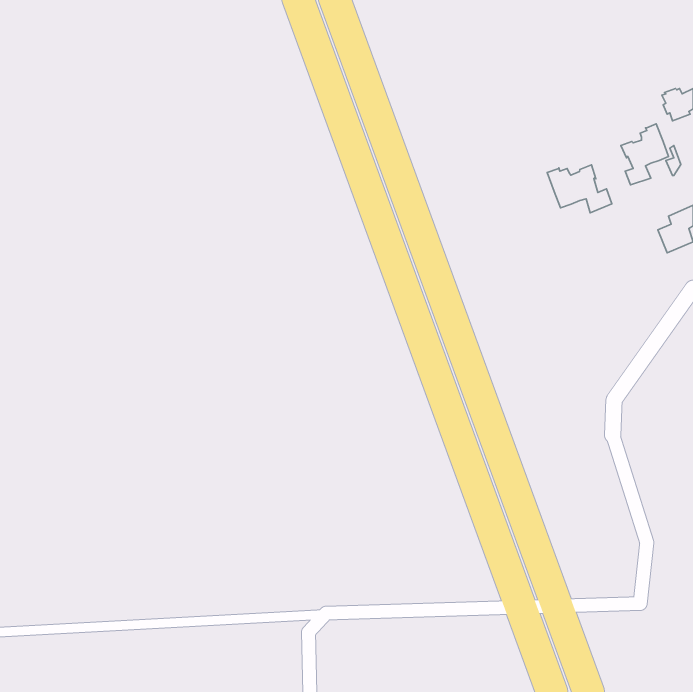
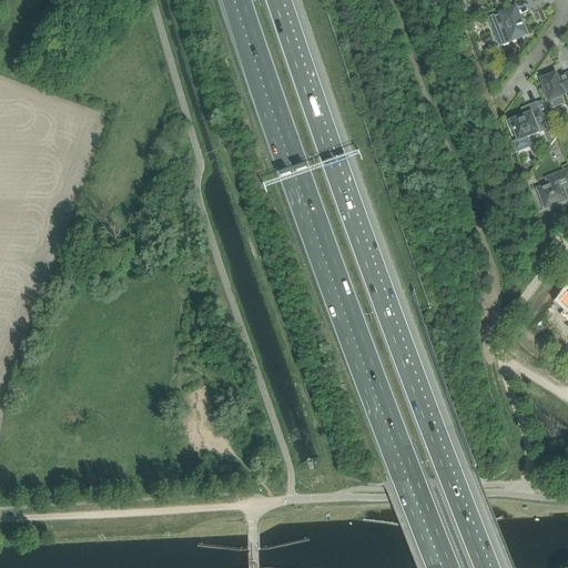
building: none -> [499,6,528,42]
building: [547,165,612,213] -> none

